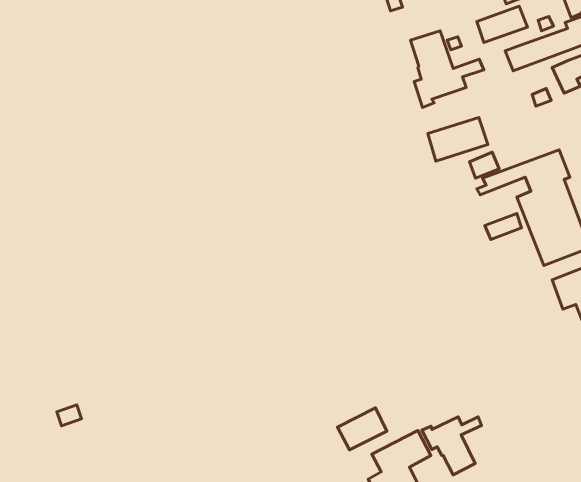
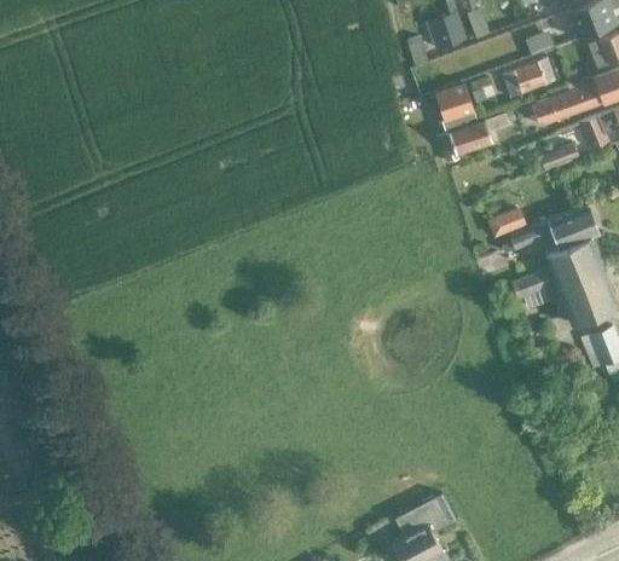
building: [428,118,488,161] -> none
building: [337,408,387,450] -> none
building: [422,417,481,475] -> none

